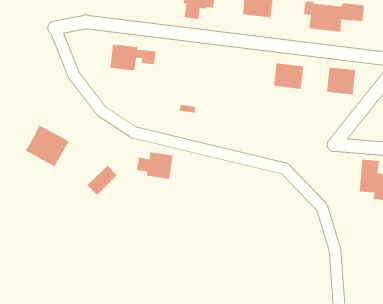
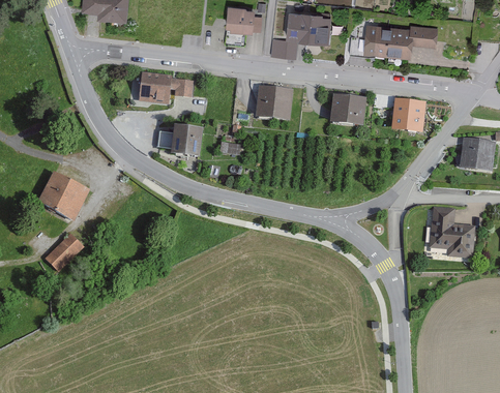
building: none -> [271,40,297,58]
building: none -> [256,87,292,120]
building: [136,151,173,180] -> [157,126,201,159]
building: [87,165,118,196] -> [48,235,84,271]

